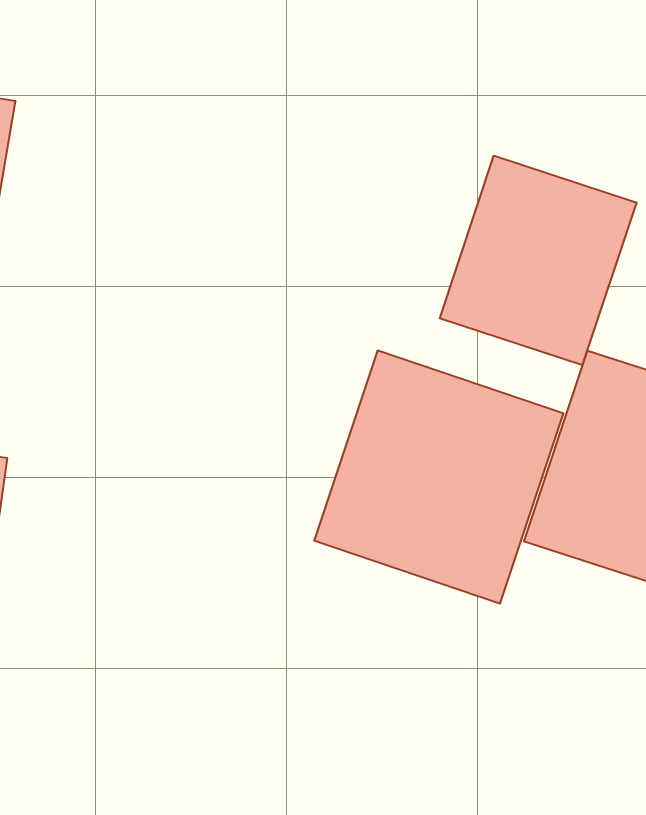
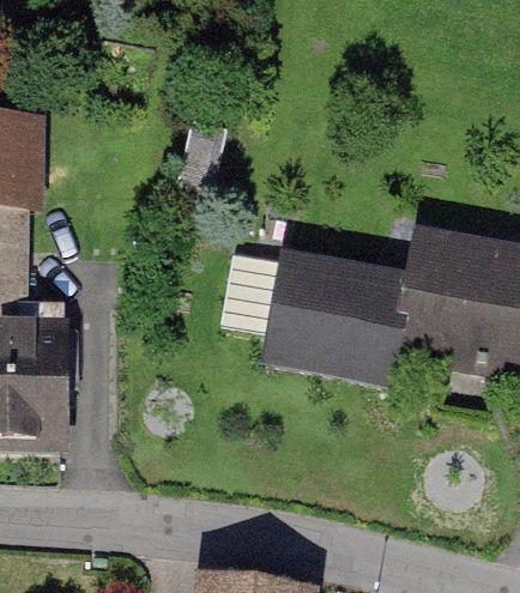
building: [440,156,637,365] -> none

